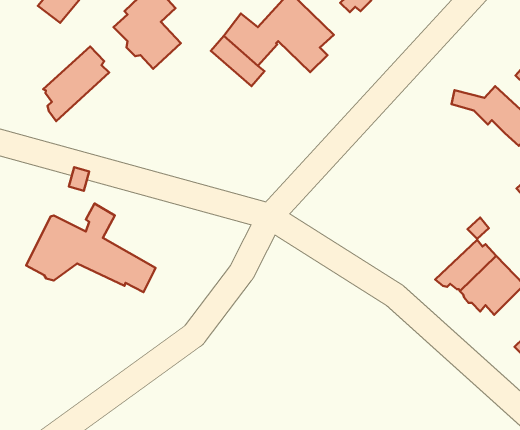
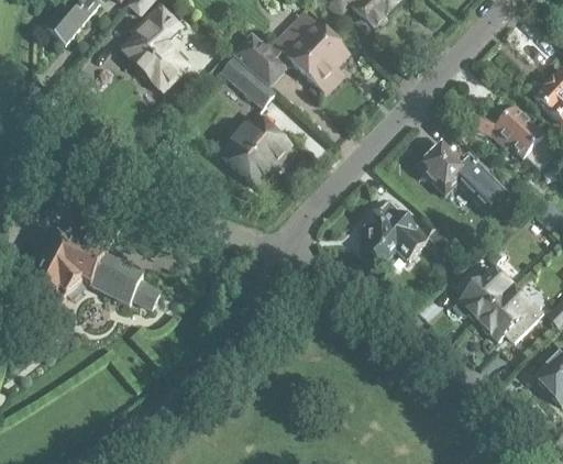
building: [43,47,109,121] -> none
building: none -> [221,114,292,186]
building: none -> [418,142,510,213]
building: none -> [363,198,452,263]

